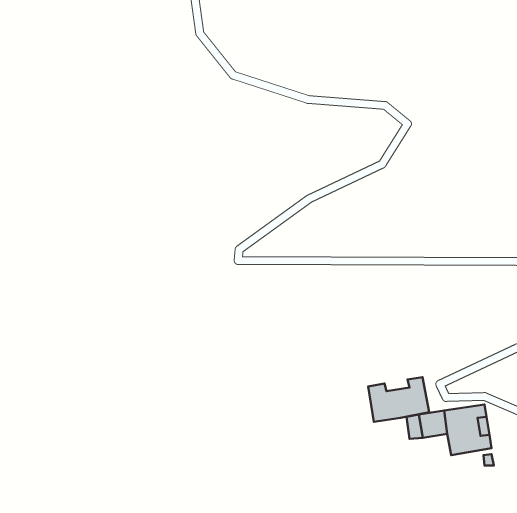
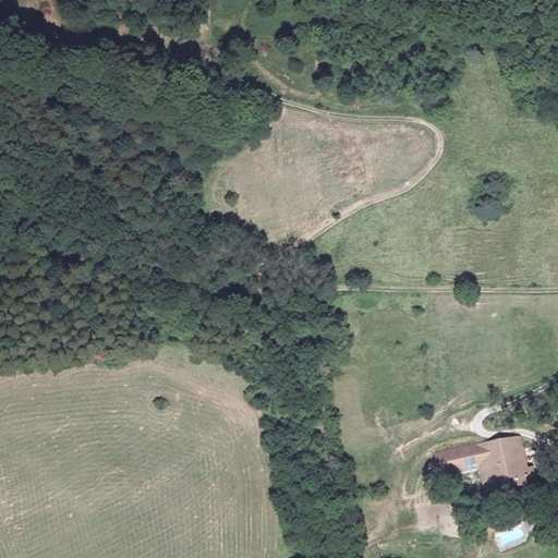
building: [368,377,429,422] -> none

